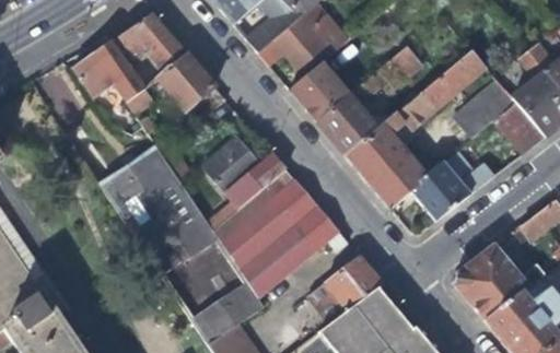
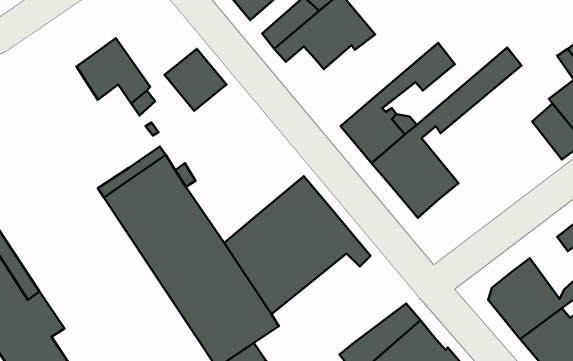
building: [114,13,188,86] -> none
building: [291,61,352,122] -> none
building: [453,79,515,139] -> none
building: [205,138,287,207] -> none
building: [410,155,494,221] -> none
building: [308,255,383,321] -> none

